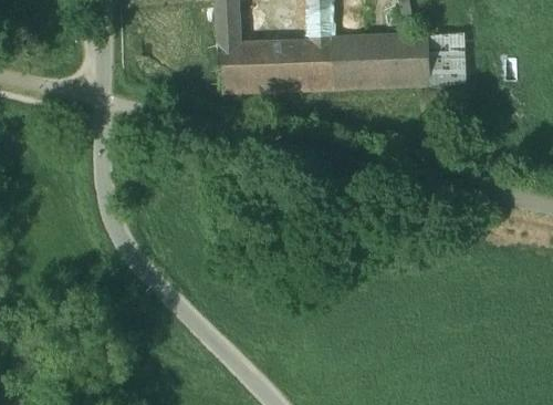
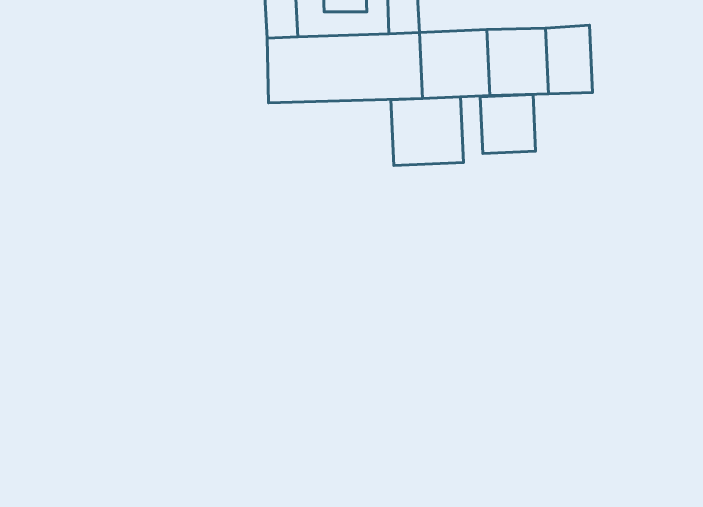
building: none -> [480,94,536,154]
building: none -> [391,97,463,166]

